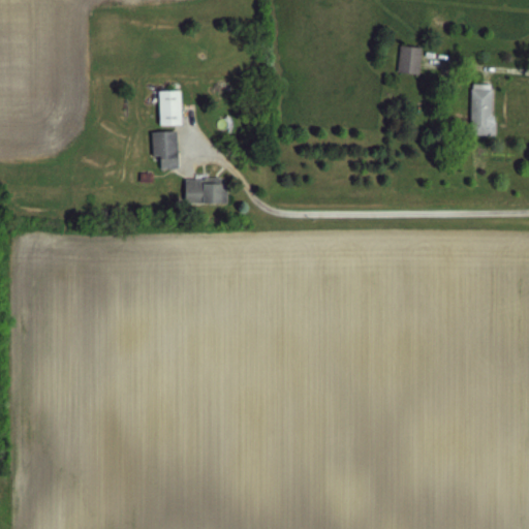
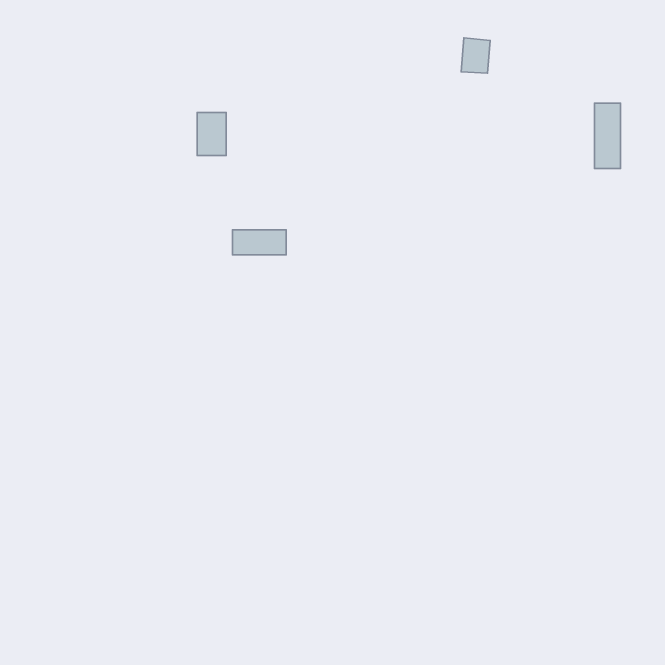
building: [399,45,422,73] -> [461,38,490,73]
building: [152,132,178,168] -> none

